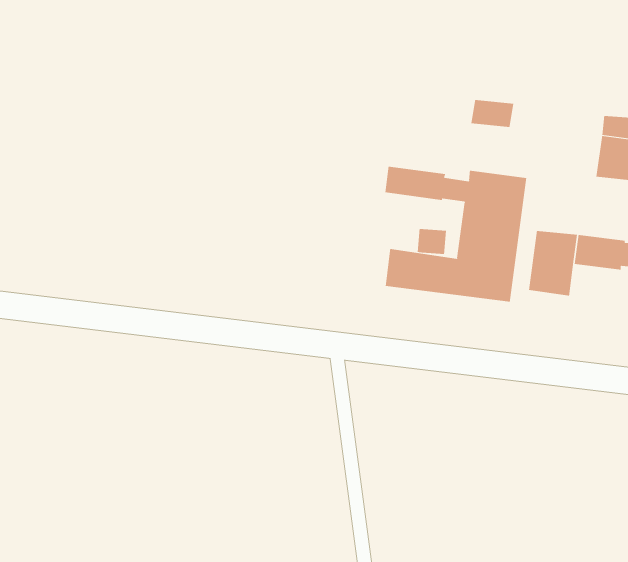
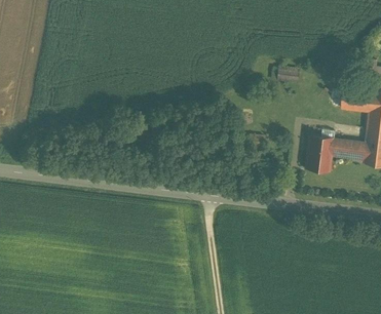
building: [385,166,527,303] -> none

